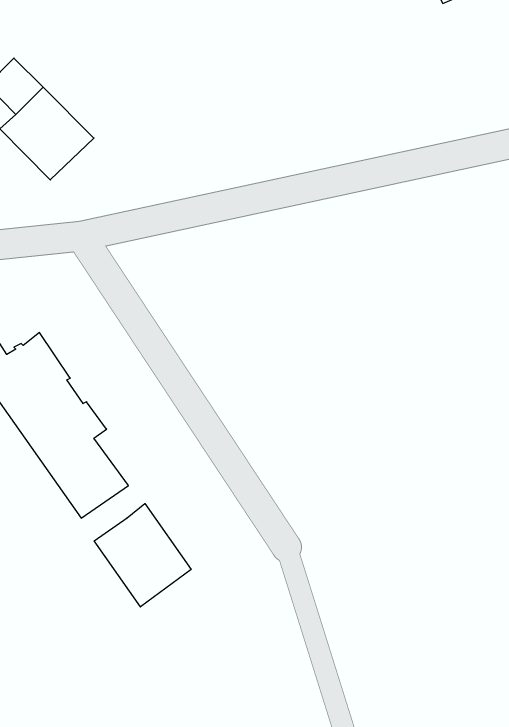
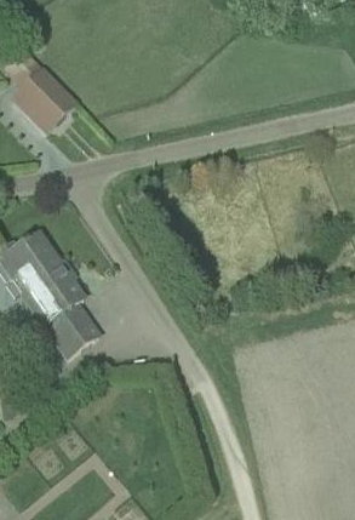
building: [94,504,191,607] -> none

